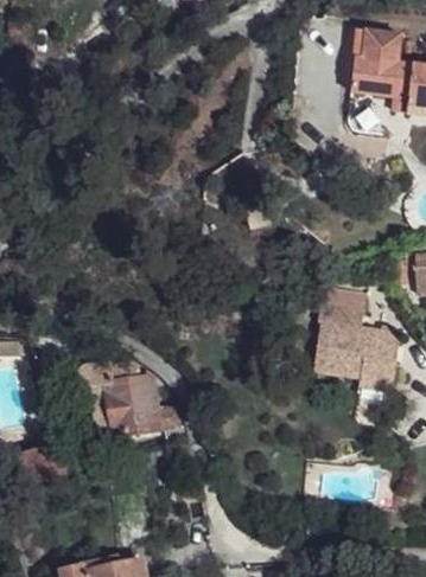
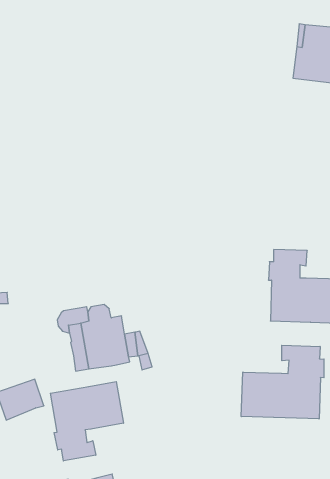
building: none -> [241,345,324,419]
building: none -> [50,382,123,461]

